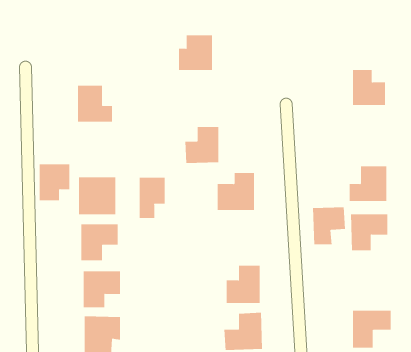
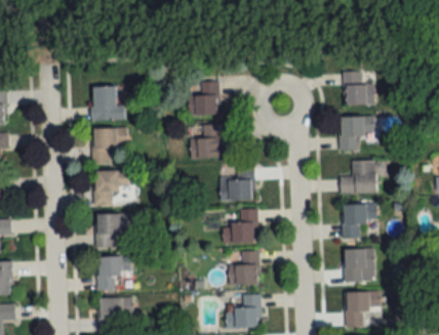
building: [178,35,213,71] -> [189,82,221,115]
building: none -> [341,116,375,151]
building: [39,164,70,201] -> [93,128,122,162]
building: [139,177,165,219] -> none
building: [312,207,346,245] -> [345,248,375,283]
building: none -> [224,209,260,244]

